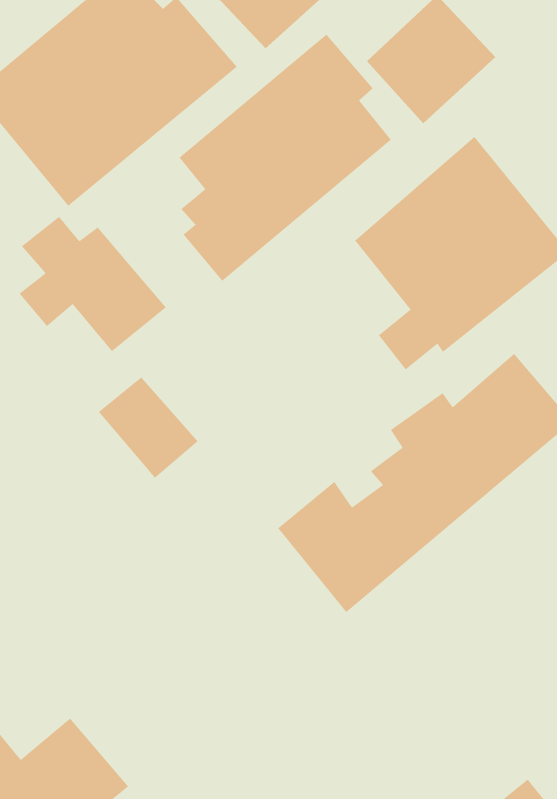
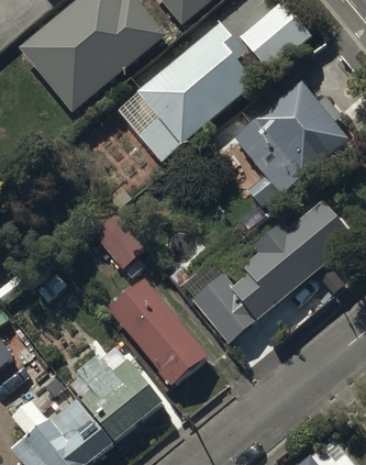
building: [19,216,167,352] -> none
building: none -> [108,277,204,383]
building: none -> [75,352,164,440]

